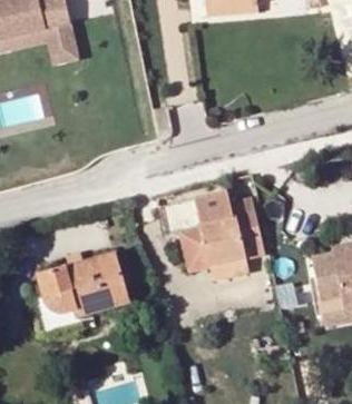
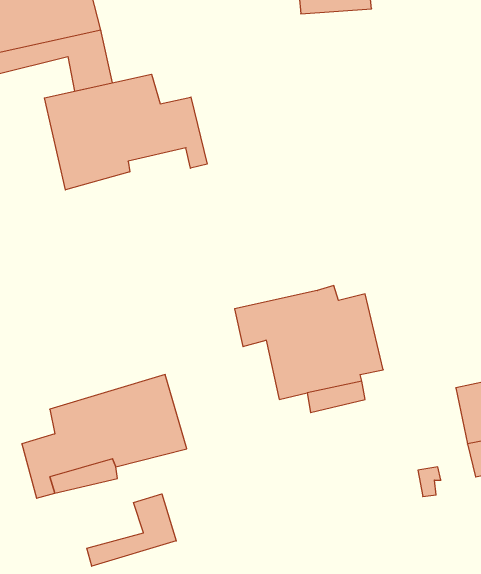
building: none -> [44,74,207,190]
building: none -> [87,494,176,566]

